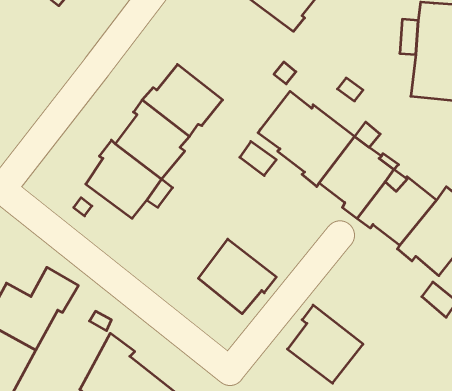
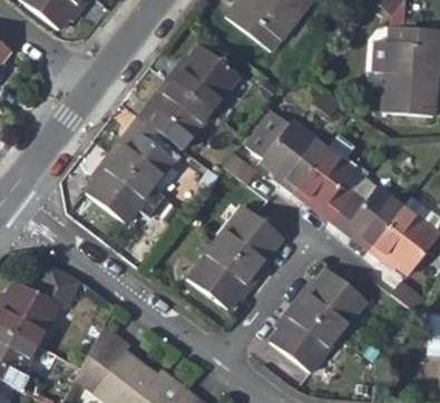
building: none -> [165,45,238,115]
building: none -> [214,206,283,276]
building: none -> [292,268,365,337]

